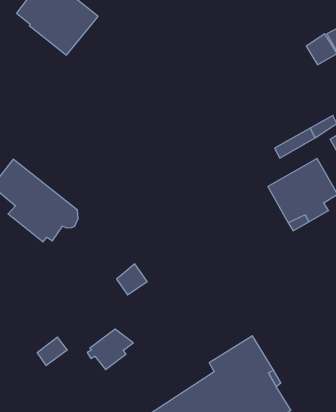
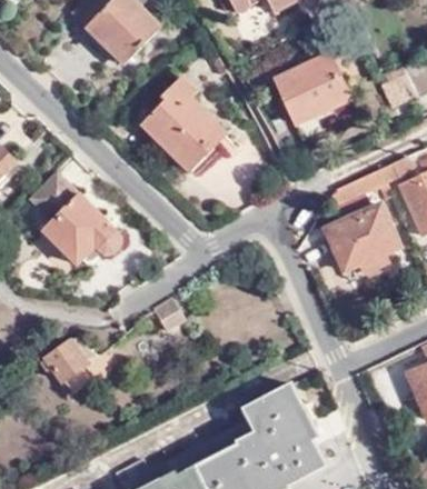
building: none -> [277,57,352,123]
building: none -> [141,80,227,174]
building: [87,329,133,370] -> [43,339,93,381]

